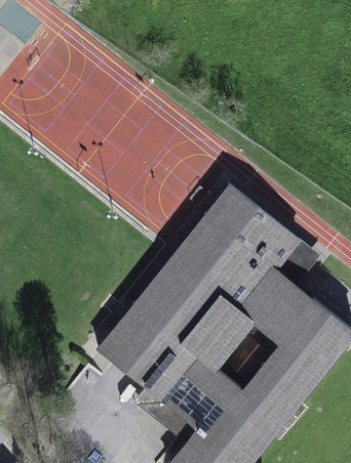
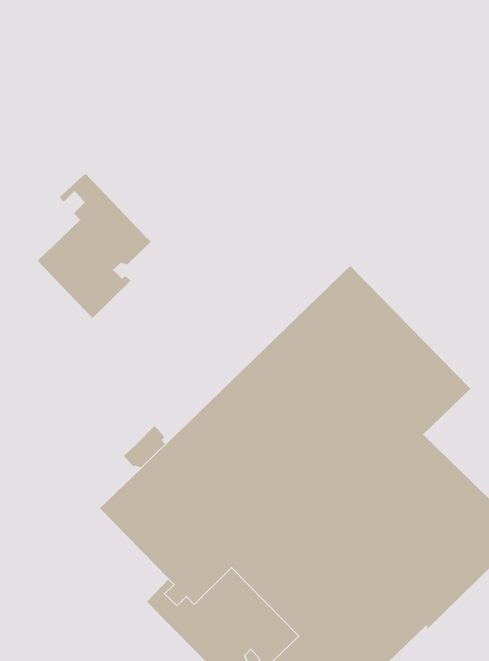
building: none -> [37,173,152,319]

